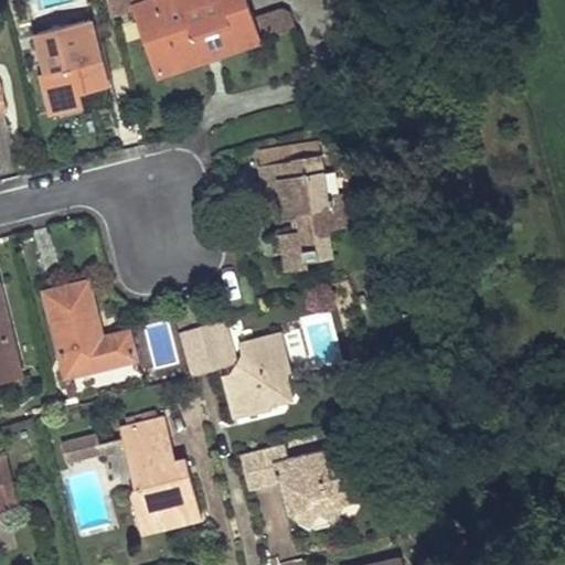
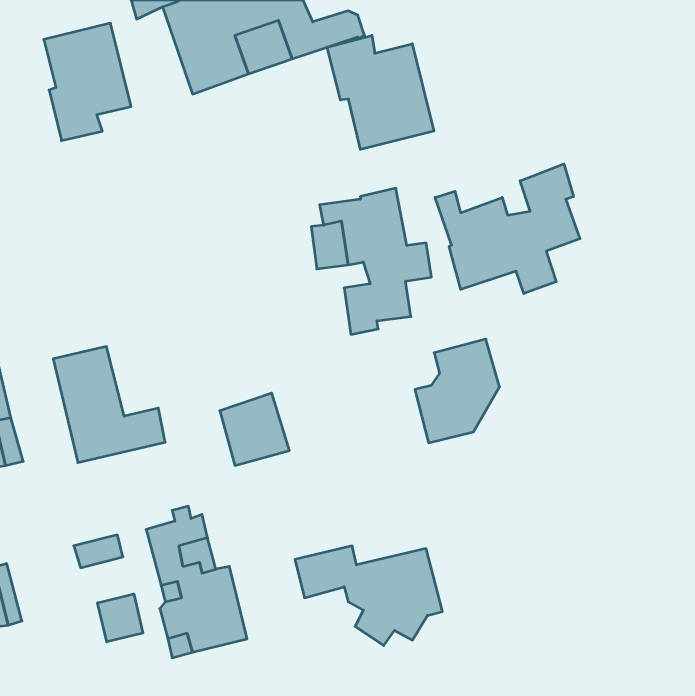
building: none -> [327,35,434,149]
building: none -> [435,164,580,294]
building: [223,334,291,418] -> [415,339,500,443]
building: none -> [98,594,143,642]

